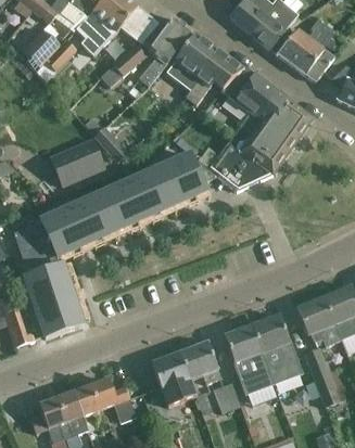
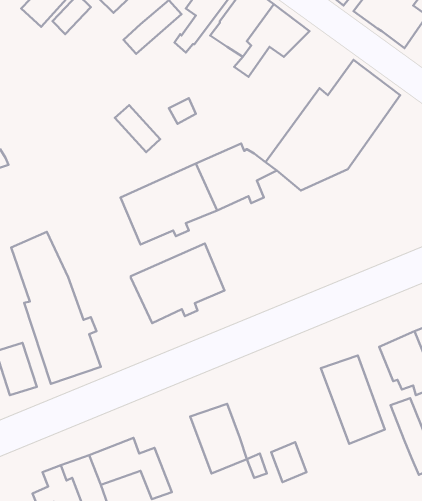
building: [221,66,277,117] -> none
building: [51,139,104,184] -> none
building: [42,195,114,256] -> [131,244,225,323]
building: [225,325,274,394] -> none
building: [180,342,220,383] -> none

